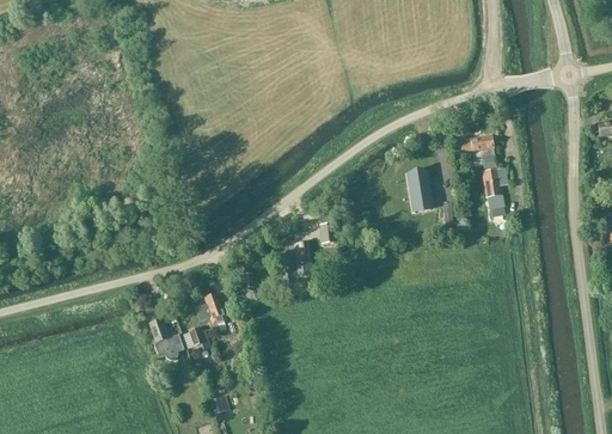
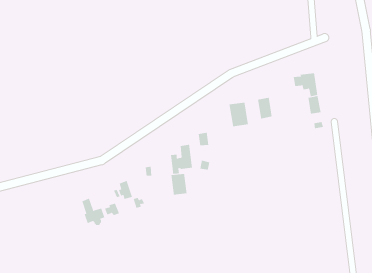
building: none -> [229,102,249,127]
building: none -> [171,173,187,195]

